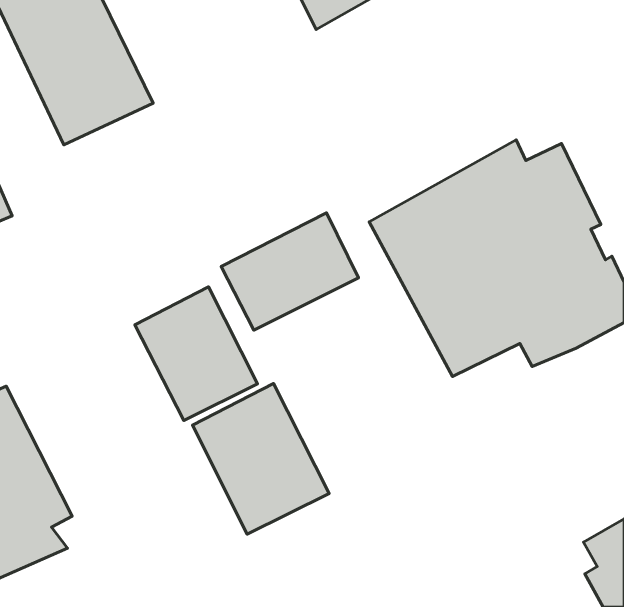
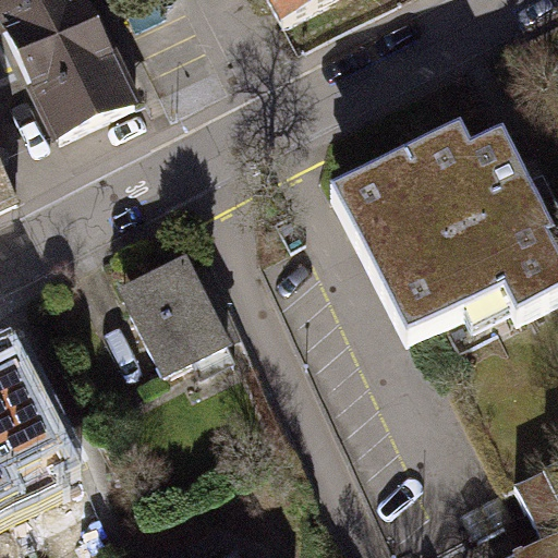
building: [221,213,359,330] -> none
building: [193,384,329,534] -> none

